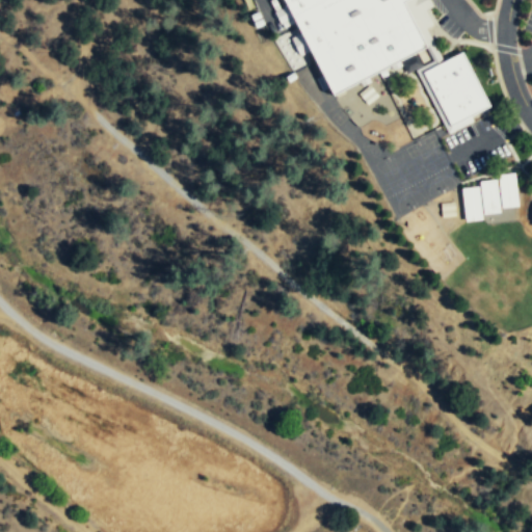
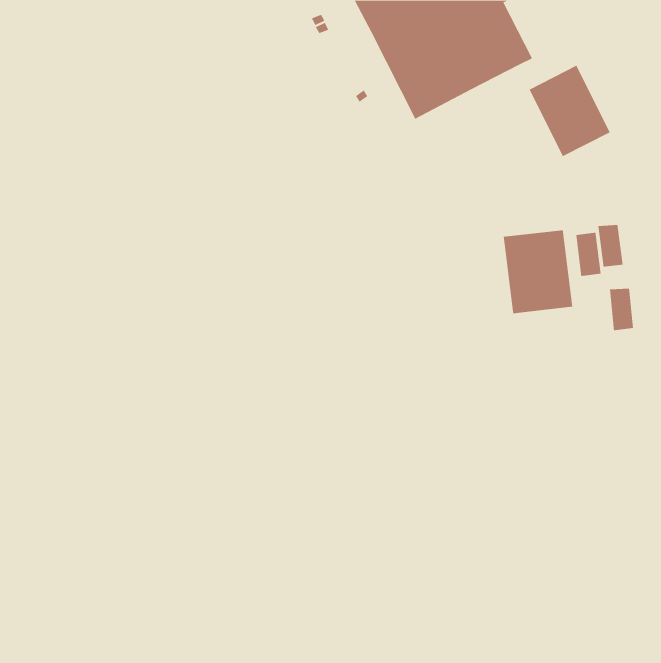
building: [499,174,518,208] -> [609,288,634,331]
building: none -> [503,229,573,314]

